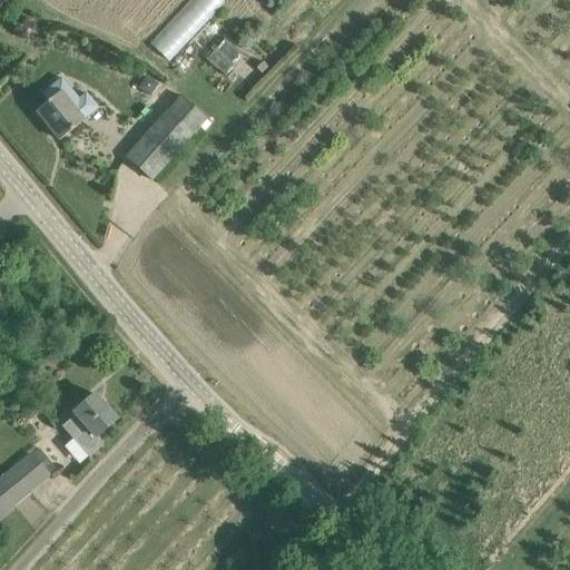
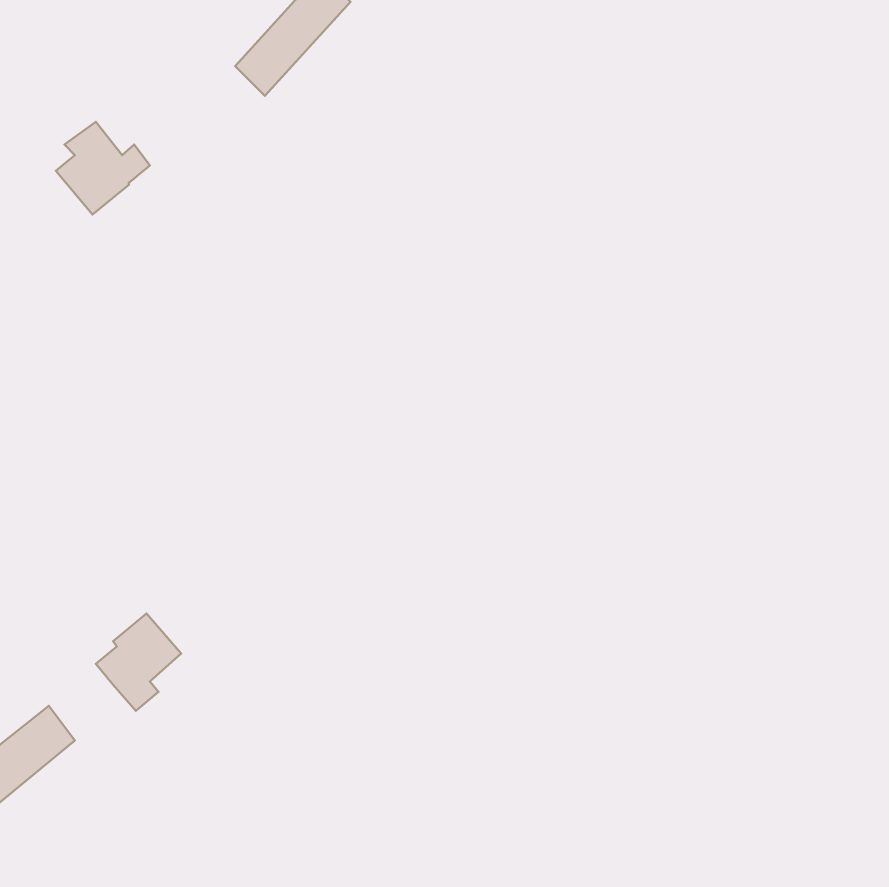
building: [209,38,243,71] -> none
building: [124,94,212,179] -> none

